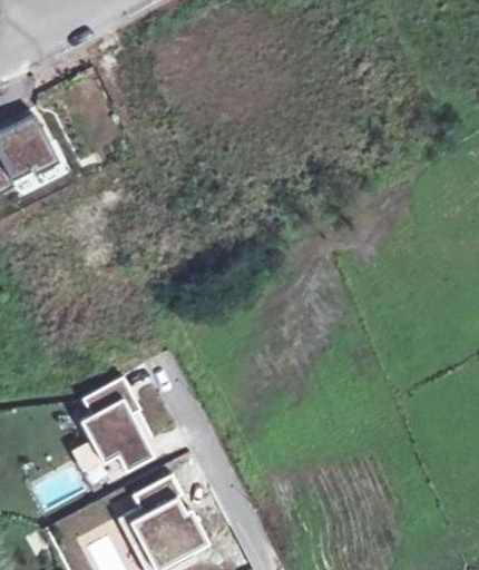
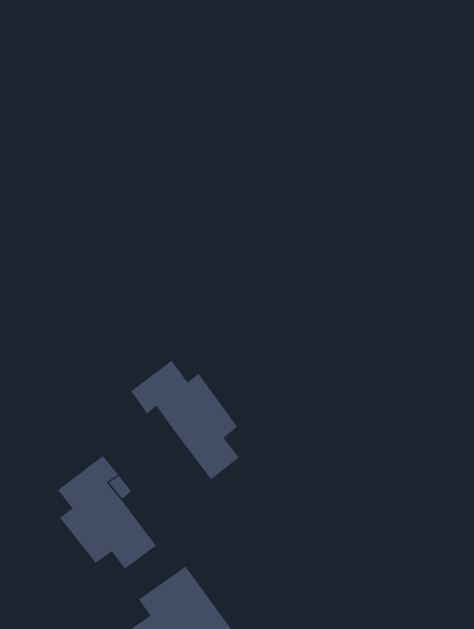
building: none -> [130,360,240,480]

